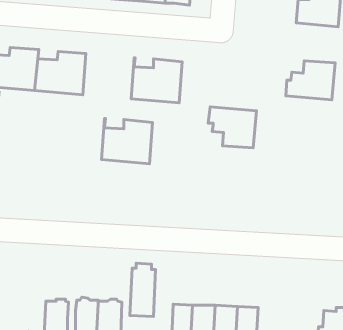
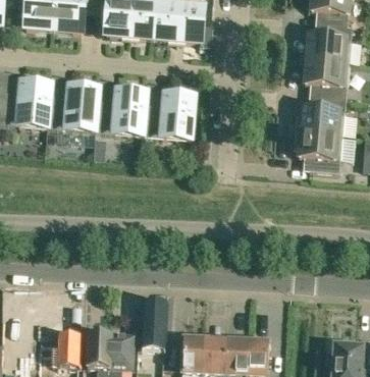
building: none -> [306,58,350,98]
building: [208,107,256,148] -> [296,130,343,171]
building: [101,118,153,164] -> [96,89,147,133]

